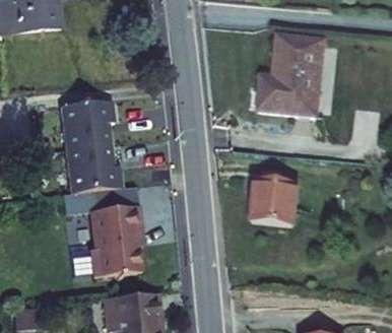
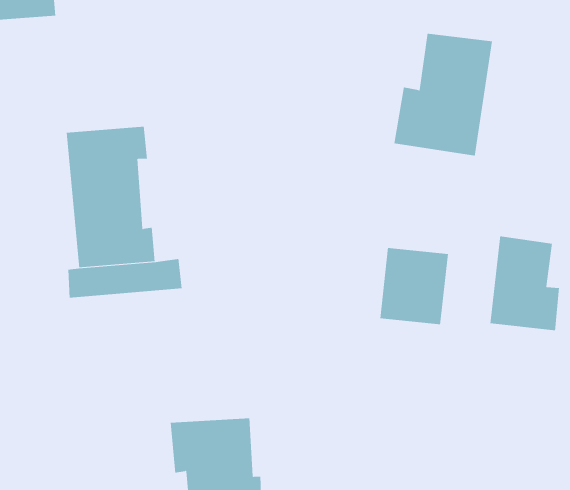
building: none -> [490,236,560,331]
building: [75,202,127,272] -> none

